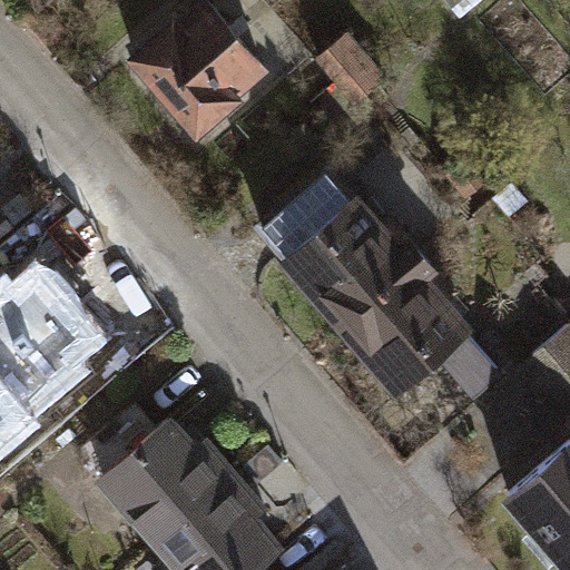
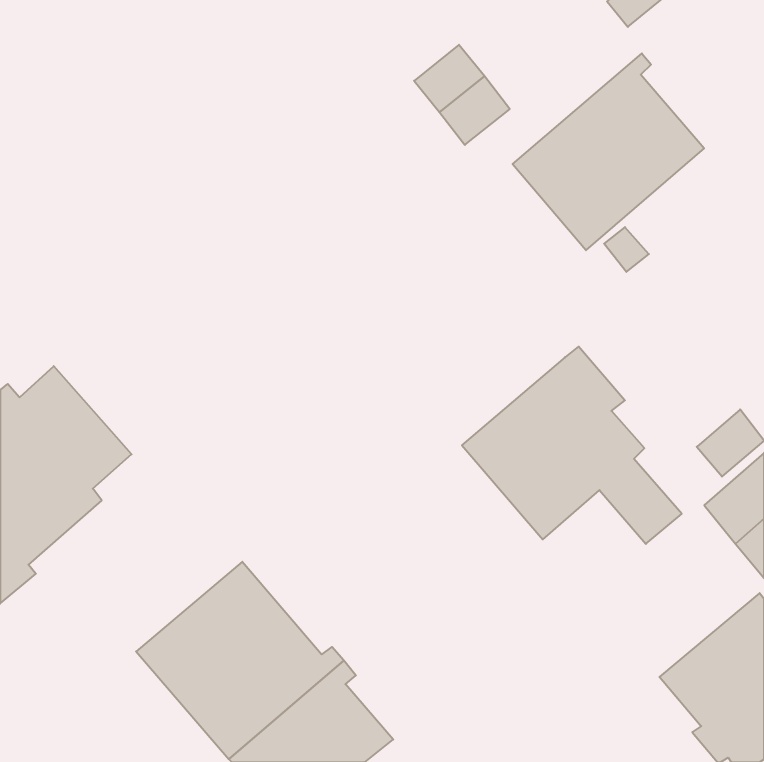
building: [132,4,267,137] -> none
building: none -> [513,53,704,250]
building: [258,166,421,332] -> none

